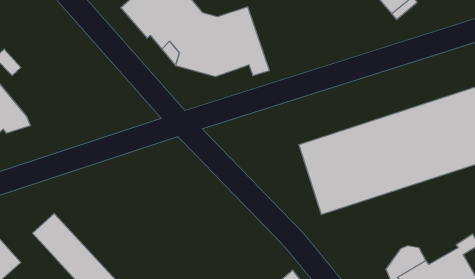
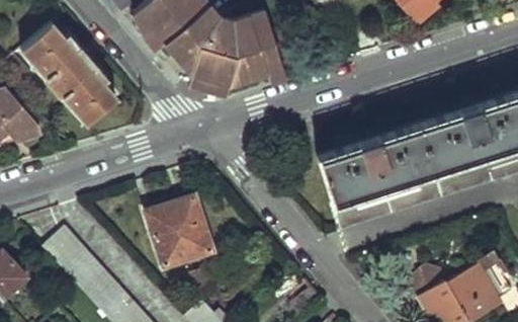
building: none -> [21,23,115,122]
building: none -> [146,196,210,266]

